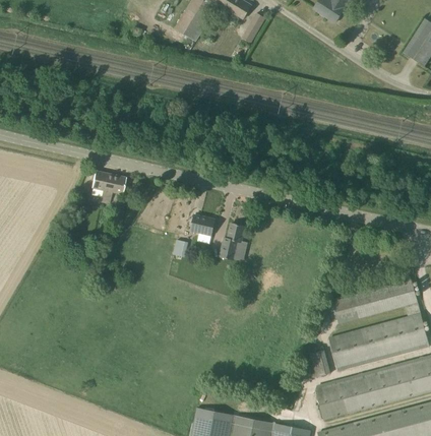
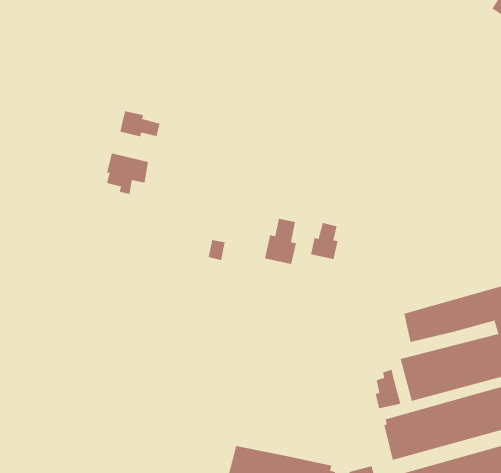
building: none -> [120,110,160,137]
building: [191,214,216,236] -> none
building: none -> [310,222,338,260]

